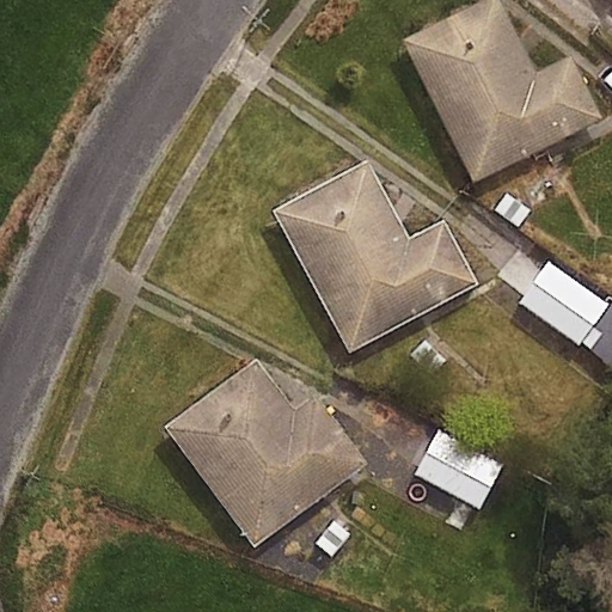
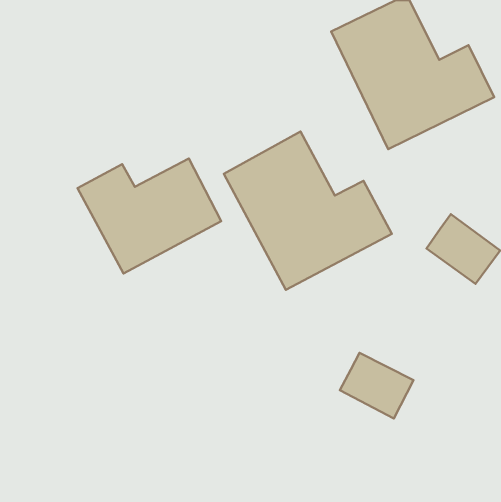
building: none -> [77,158,221,273]
building: [165,359,366,547] -> none

